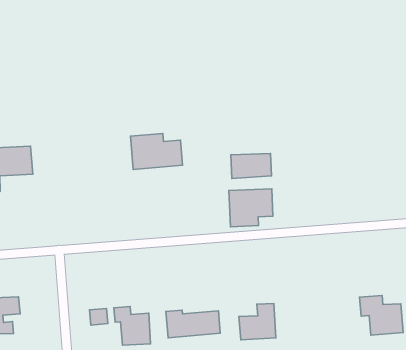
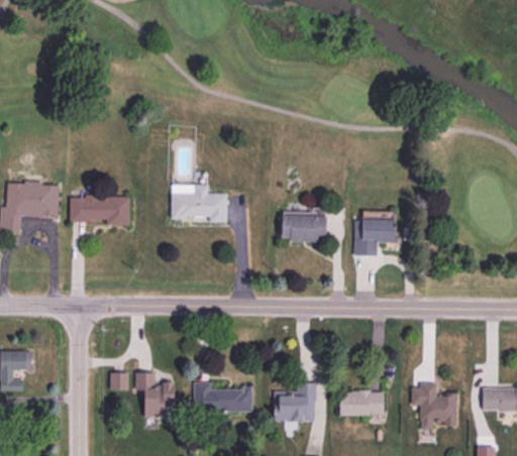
building: none -> [354,214,393,255]
building: none -> [70,196,128,223]
building: [229,189,273,227] -> none
building: none -> [338,390,384,415]

